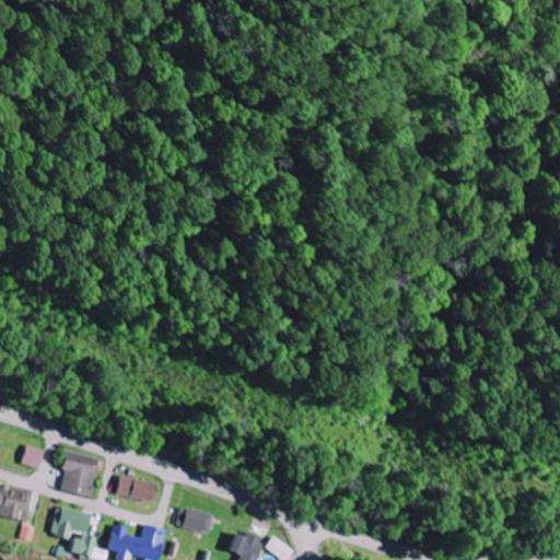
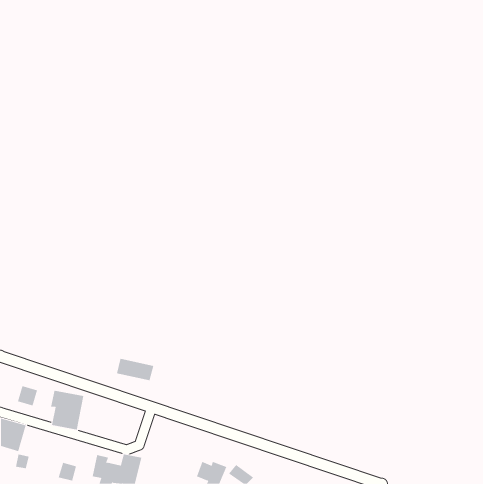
building: [115,476,159,502] -> [116,358,154,381]
building: [50,506,90,539] -> none
building: [175,506,212,533] -> none

